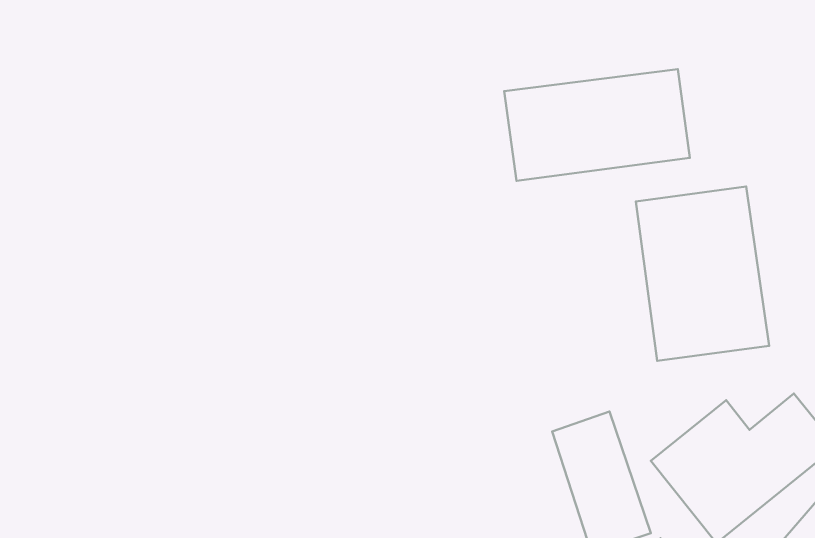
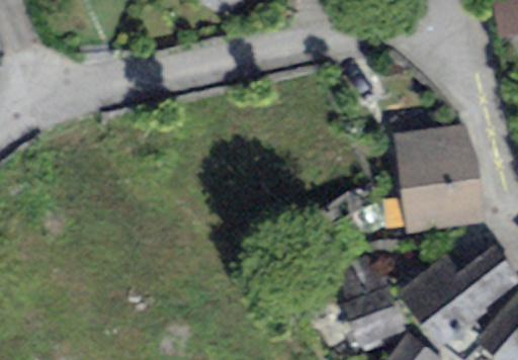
building: [504,69,690,181] -> none

